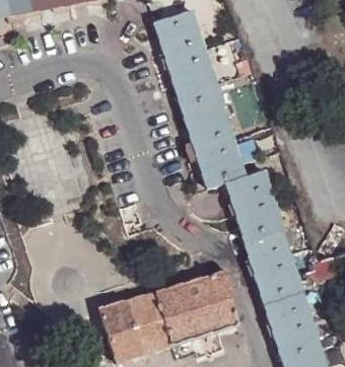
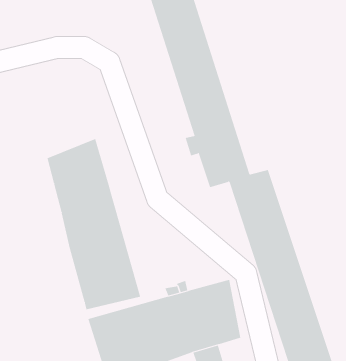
building: none -> [47,138,141,310]

